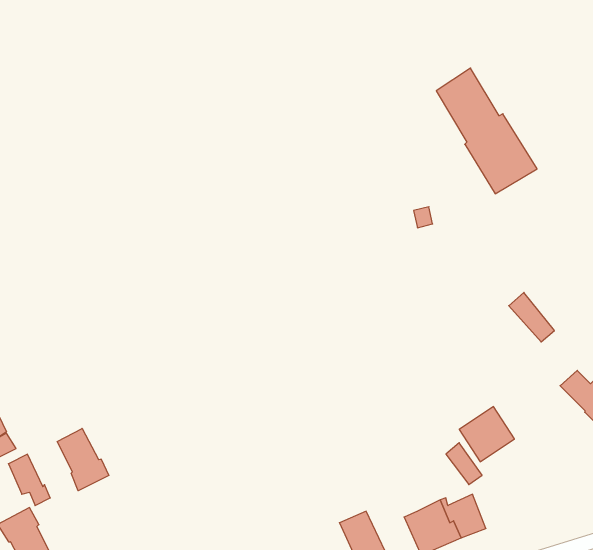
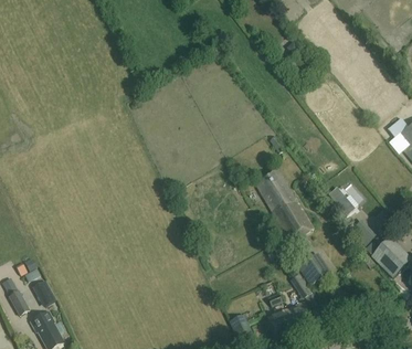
building: [436,68,537,194] -> [255,168,314,241]
building: [57,428,109,491] -> none

